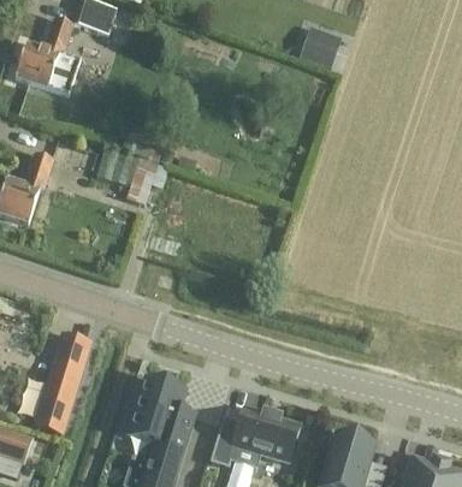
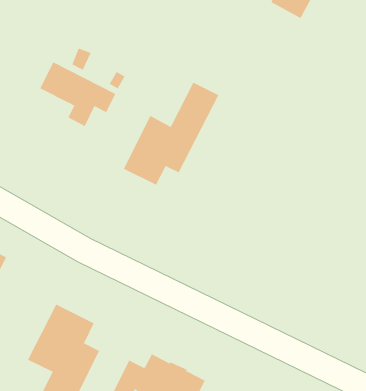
building: none -> [123,82,219,186]

